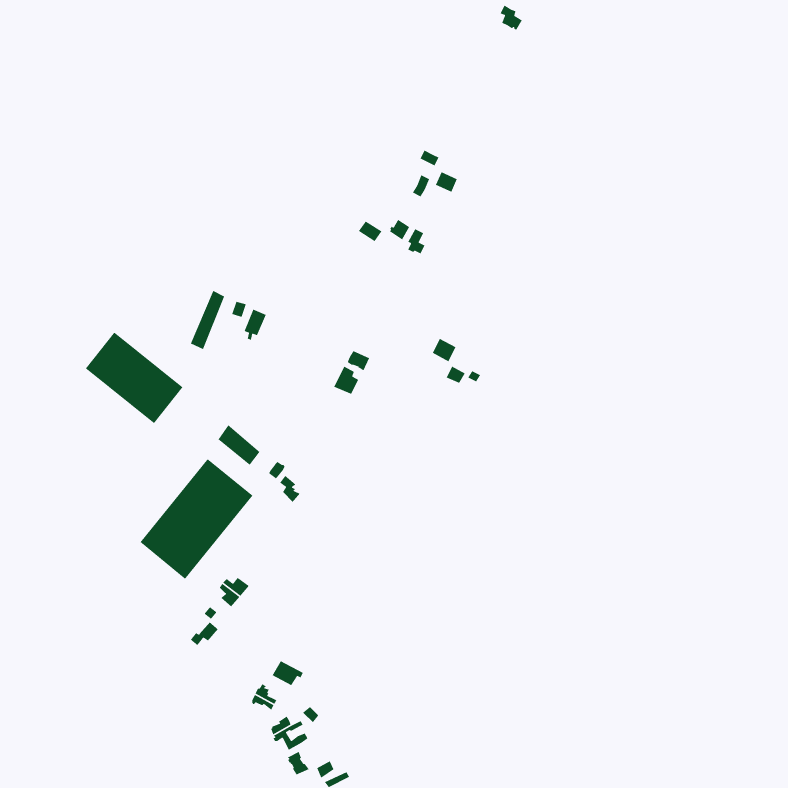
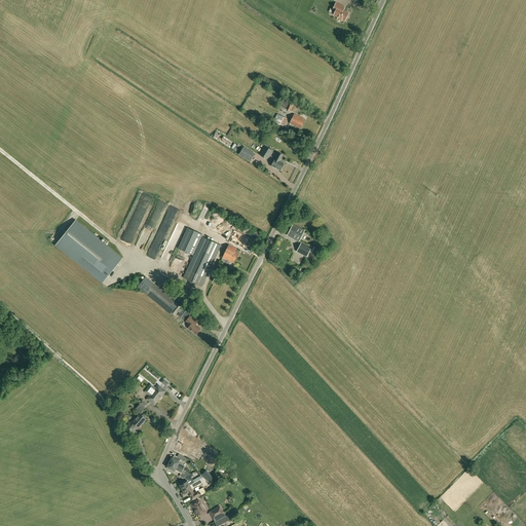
building: none -> [180,228,221,287]
building: [140,458,253,580] -> none

